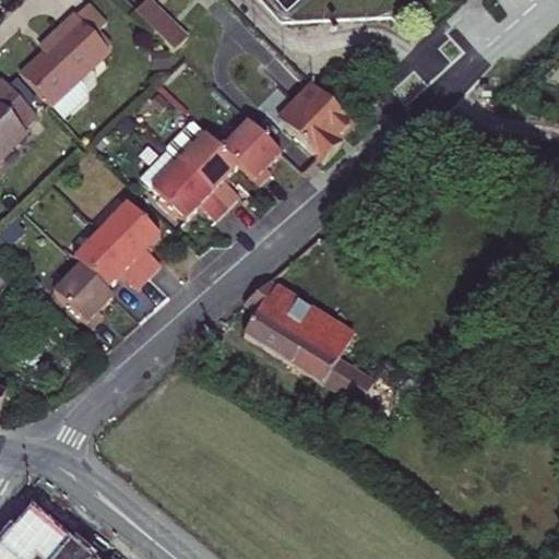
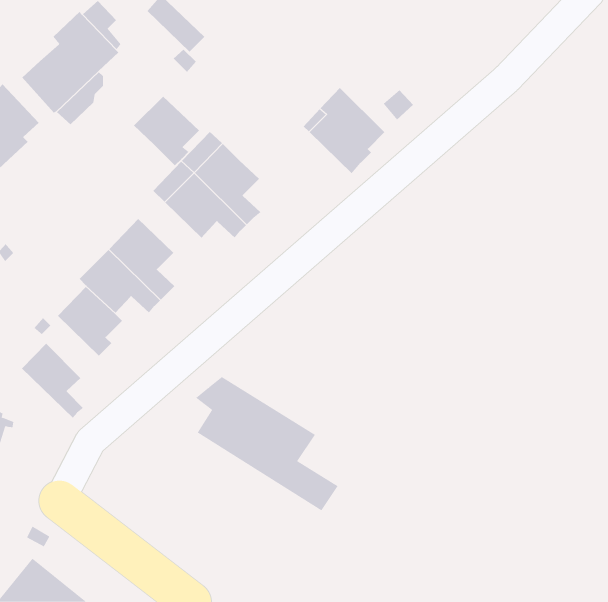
building: [219,119,281,183] -> [133,96,200,166]
building: [242,281,373,404] -> [196,376,339,511]
building: none -> [21,343,84,418]

